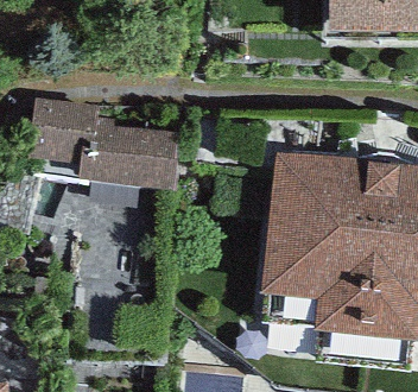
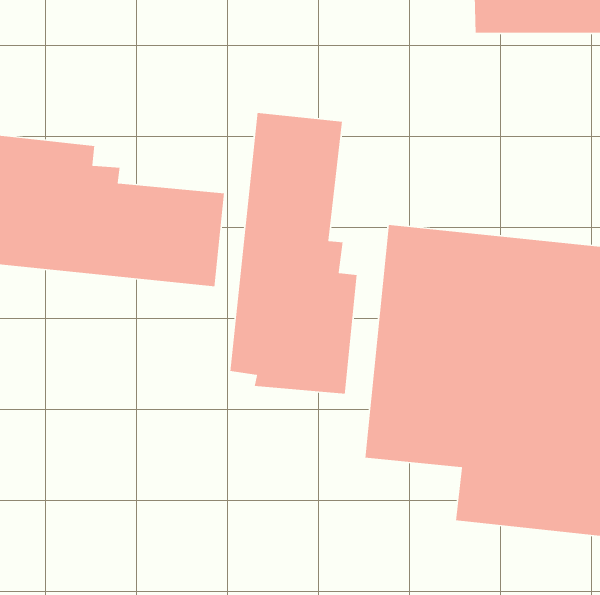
building: none -> [229,112,357,394]

